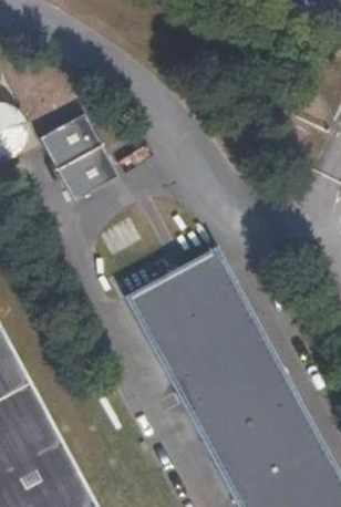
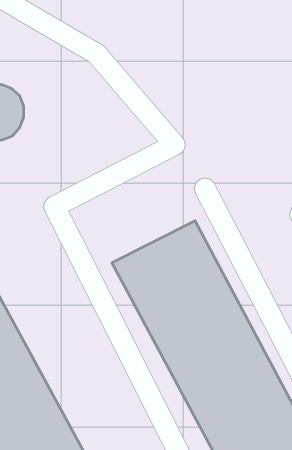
building: [41,115,118,199] -> none

